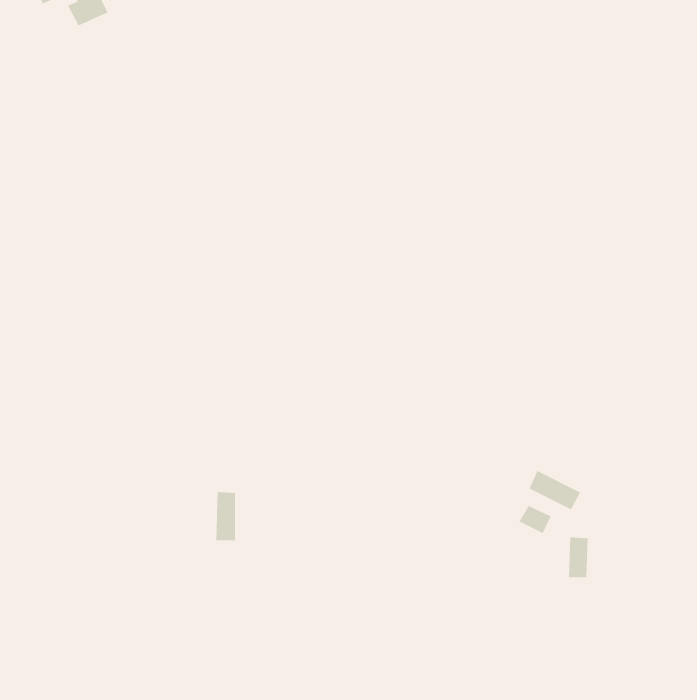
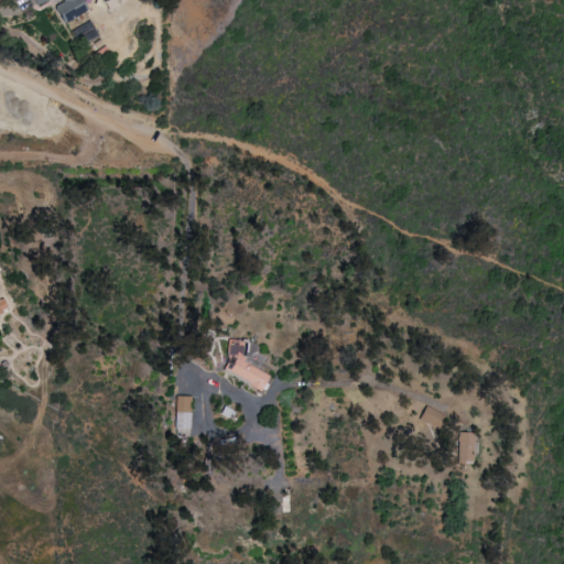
building: none -> [221,337,272,390]
building: [529,470,581,510] -> none

